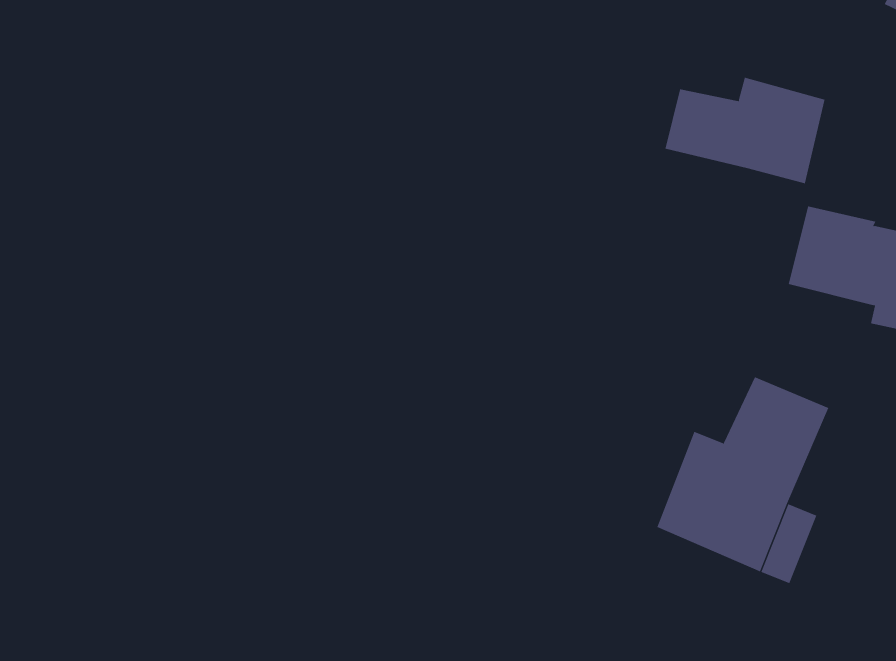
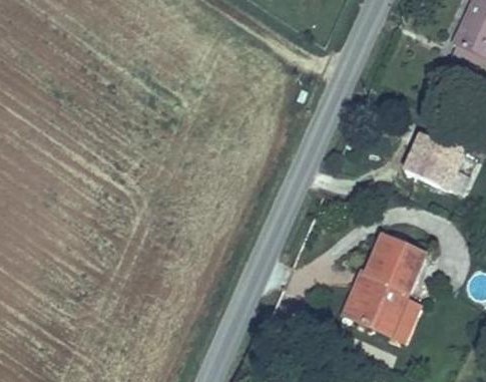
building: [665,77,825,184] -> none

